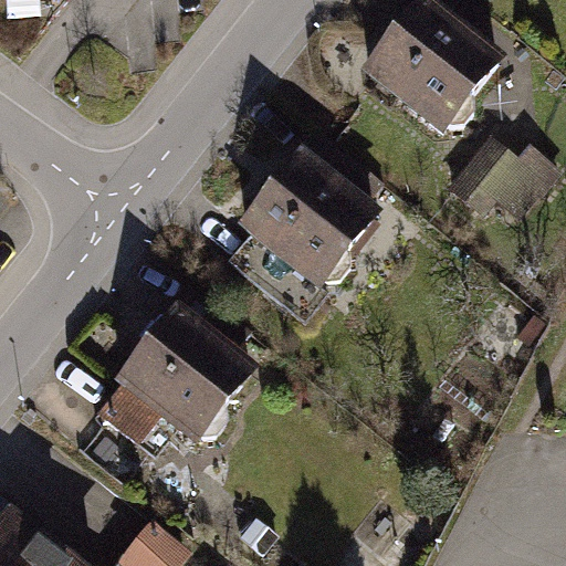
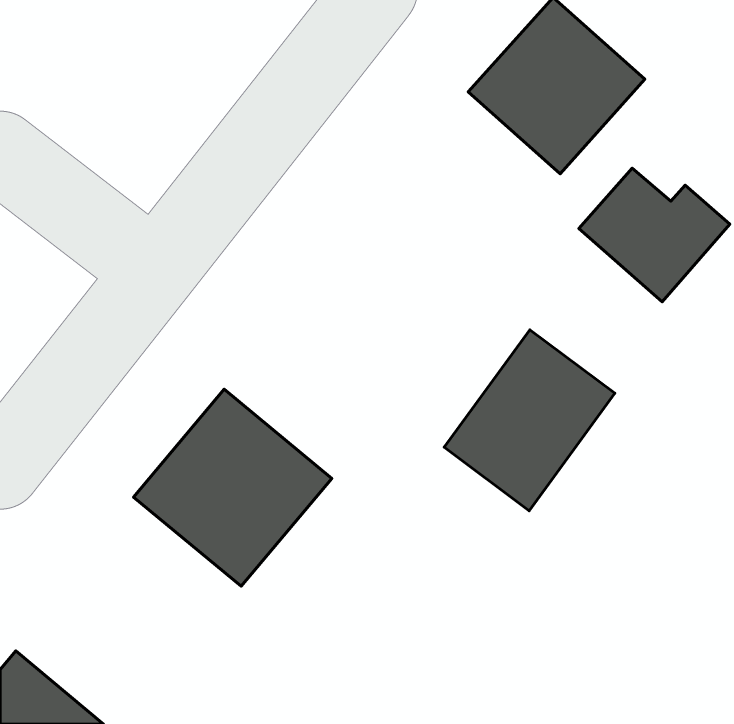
building: [239,155,375,289] -> none
building: none -> [444,330,615,511]

